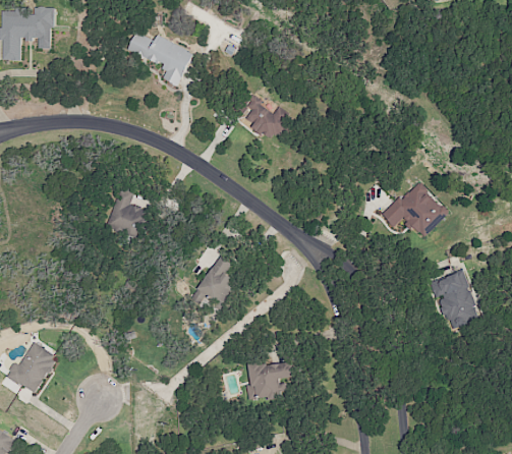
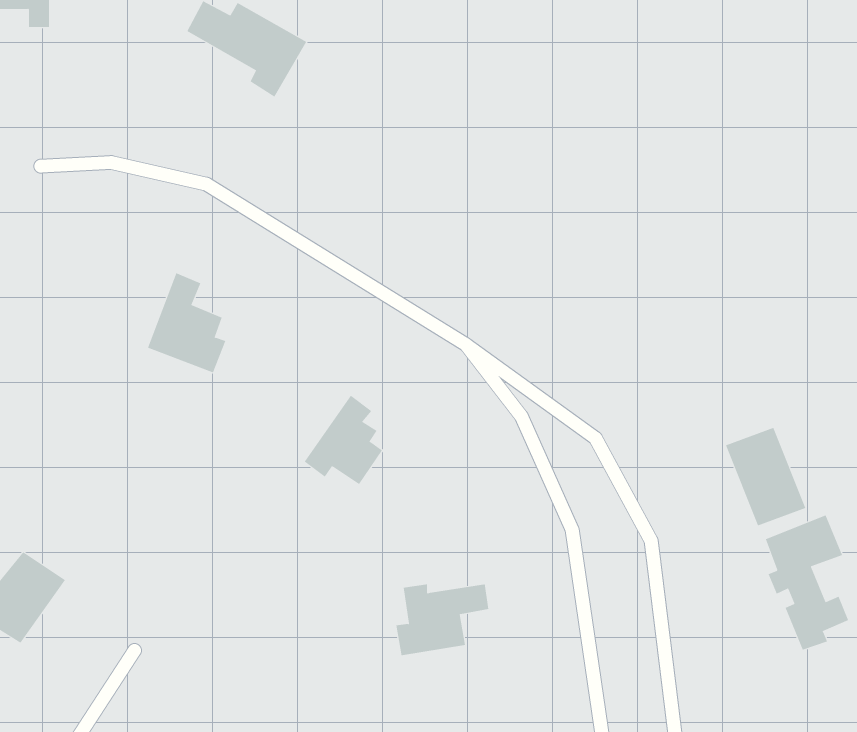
building: [241,92,296,138] -> none
building: [381,176,443,238] -> none
building: none -> [765,515,849,650]

